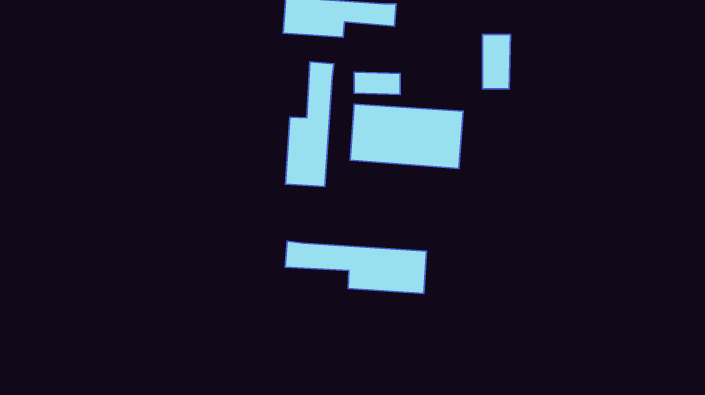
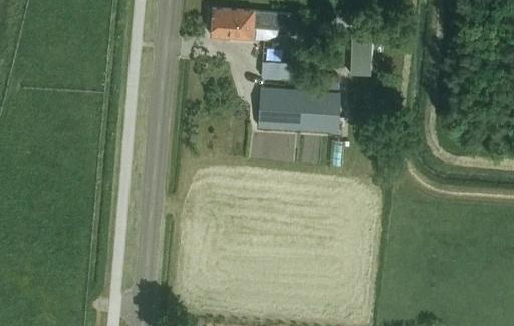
building: [285,62,334,186] -> none
building: [285,241,426,294] -> none

